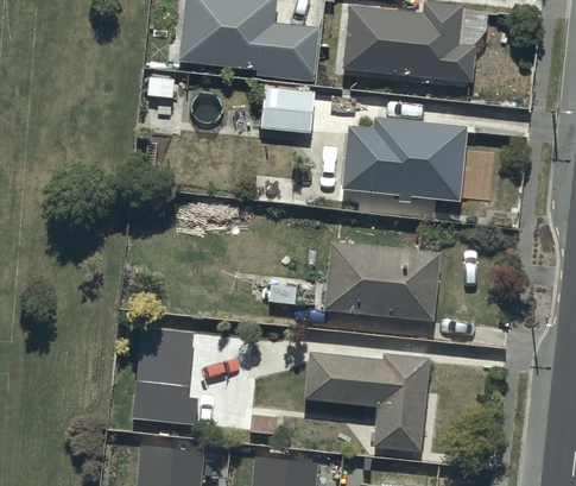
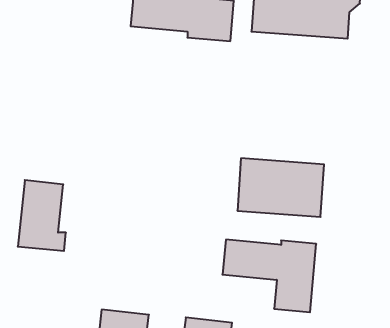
building: [261,84,316,132] -> none
building: [342,116,467,201] -> none
building: [133,327,198,423] -> [18,180,66,251]

